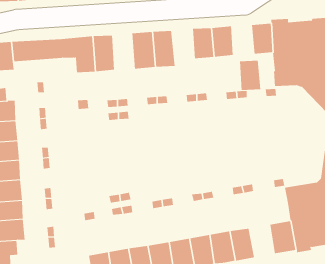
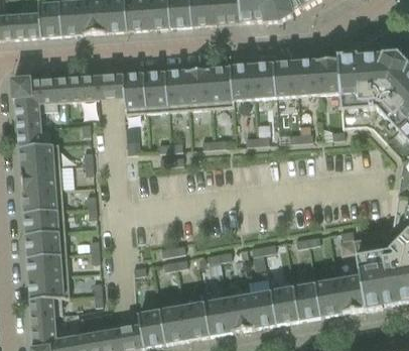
building: none -> [230,64,254,98]
building: none -> [165,69,188,109]
building: [239,60,261,90] -> [295,60,319,93]
building: none -> [314,278,342,315]

